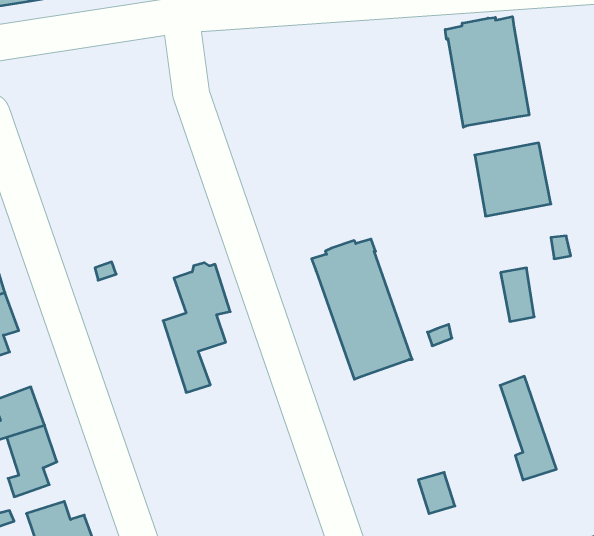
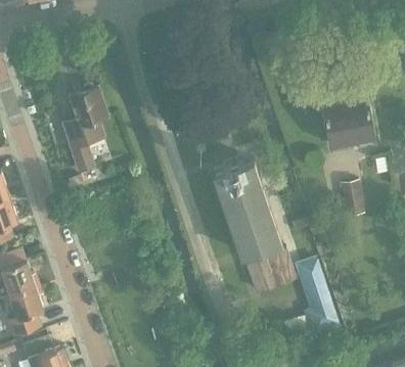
building: [445,17,529,127] -> none
building: [163,263,230,392] -> [62,84,107,171]
building: none -> [245,241,296,290]
building: [500,376,556,480] -> [299,260,336,329]

